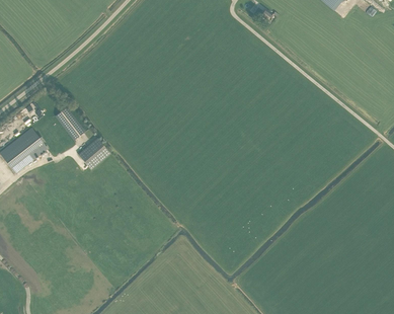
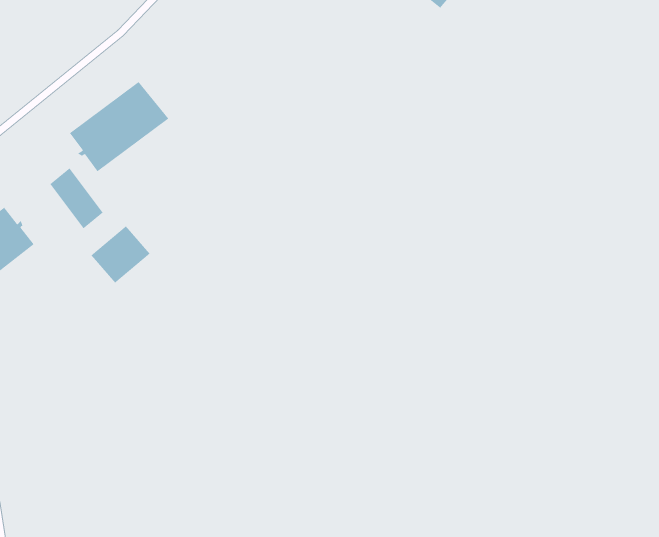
building: none -> [69,81,169,172]

